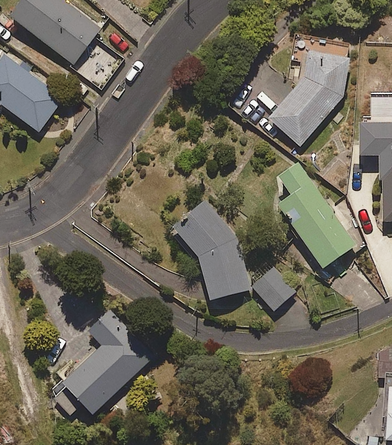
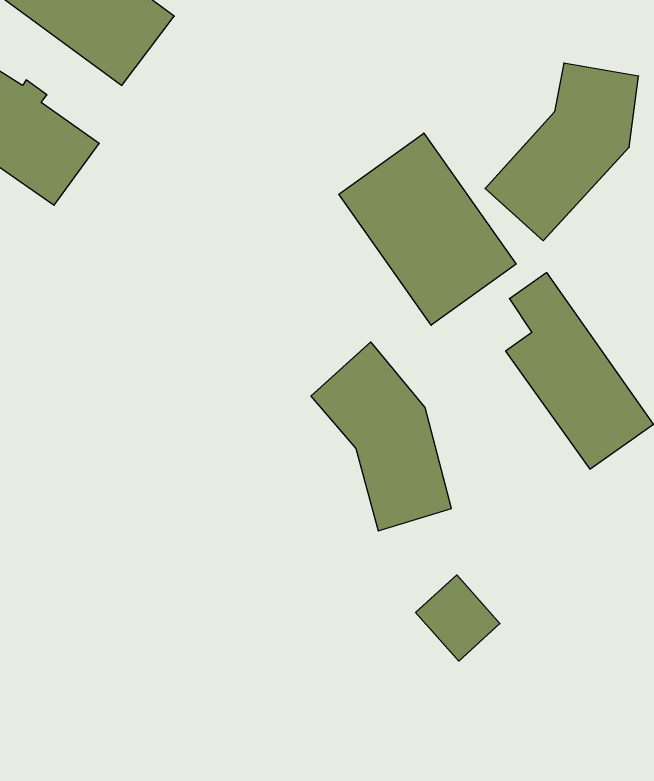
building: none -> [339,133,516,325]
building: [249,264,294,310] -> [416,575,500,661]
building: [61,310,154,415] -> none

